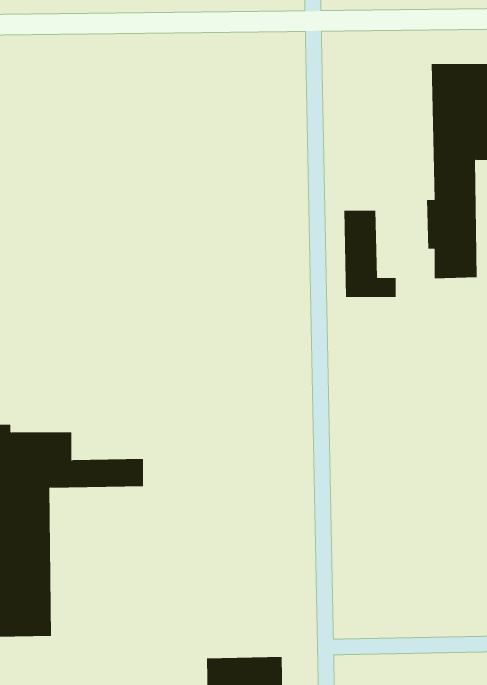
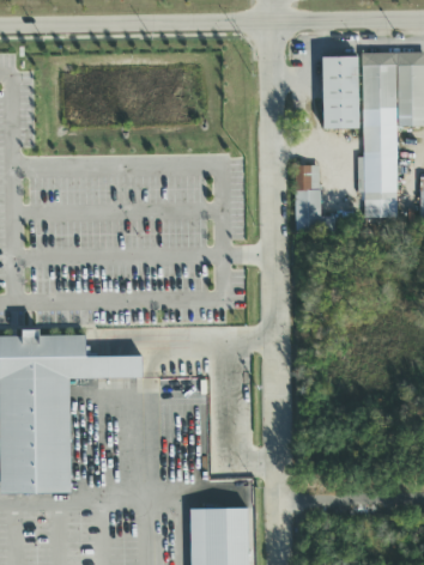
building: none -> [322,56,359,129]

